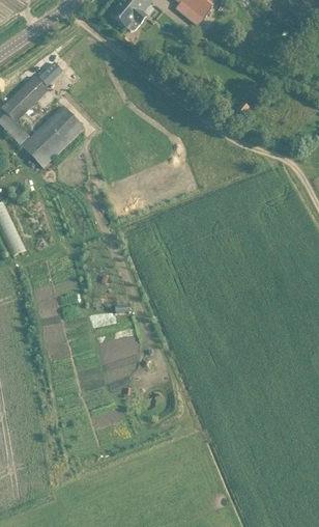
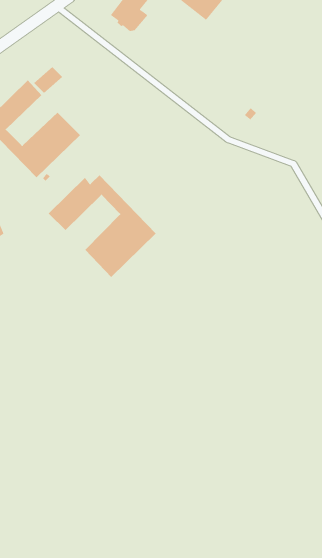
building: none -> [48,175,157,278]

